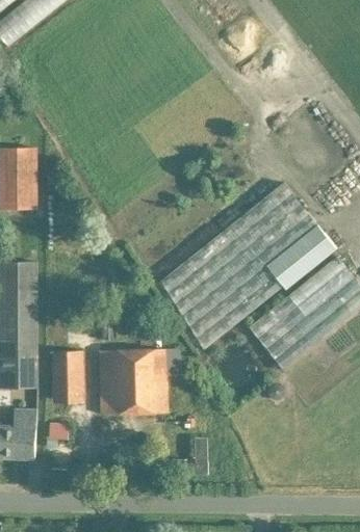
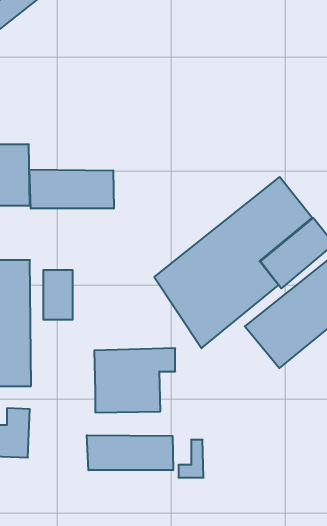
building: none -> [29,169,114,209]
building: [54,353,83,402] -> [43,270,73,320]
building: none -> [87,435,173,470]

